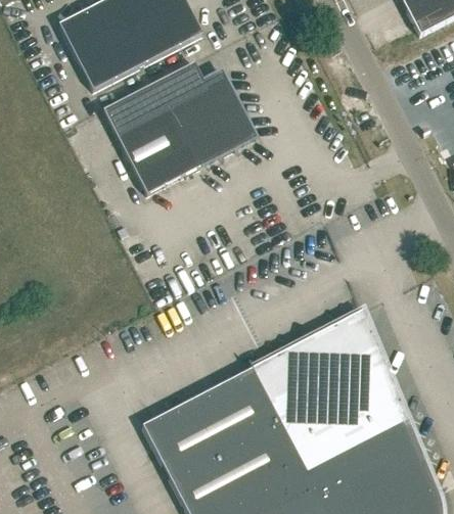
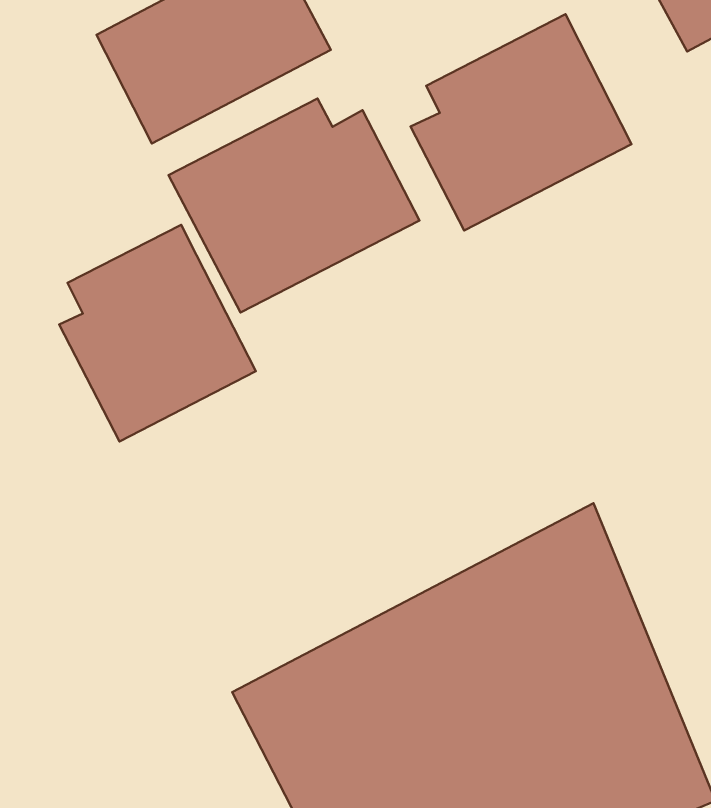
building: none -> [411,14,631,231]
building: none -> [59,225,256,441]

